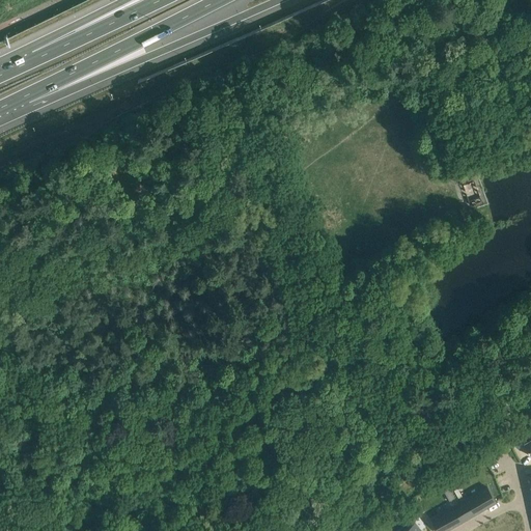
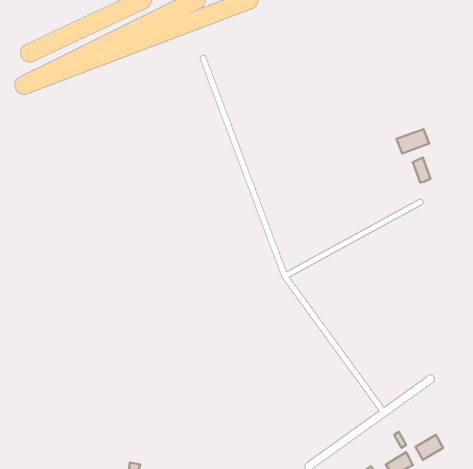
building: none -> [397,129,429,153]

